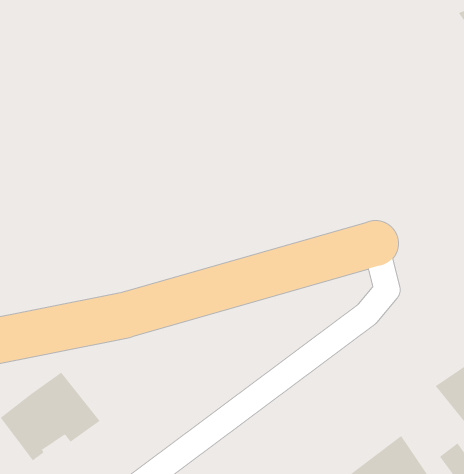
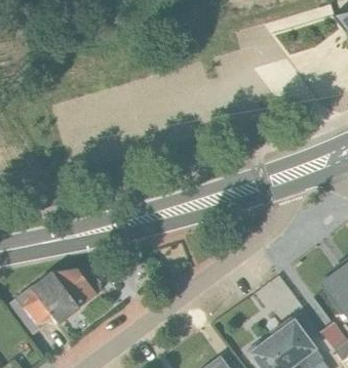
building: none -> [52,267,102,306]

